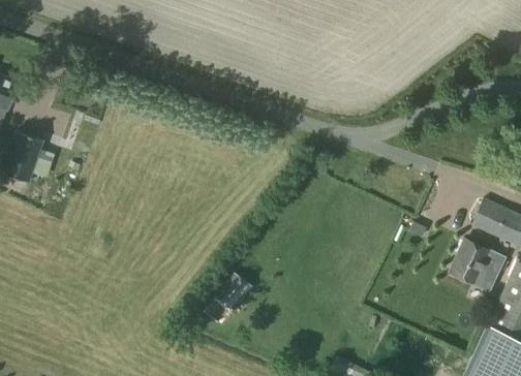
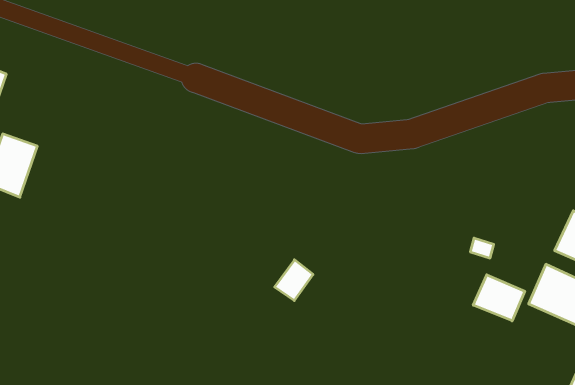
building: none -> [473,275,525,321]
building: [217,276,249,310] -> [275,260,313,301]

